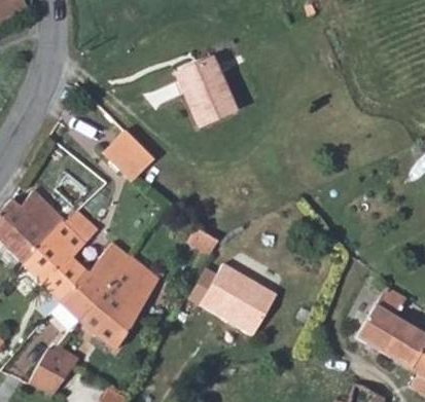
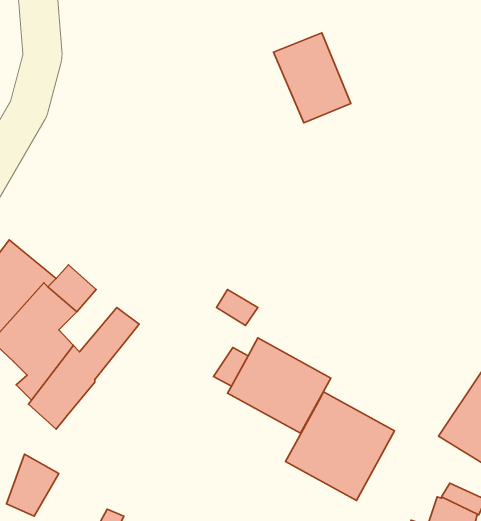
building: [181,61,239,127] -> [274,33,351,123]
building: [104,126,153,180] -> none
building: [78,252,161,348] -> none
building: none -> [285,392,395,501]

